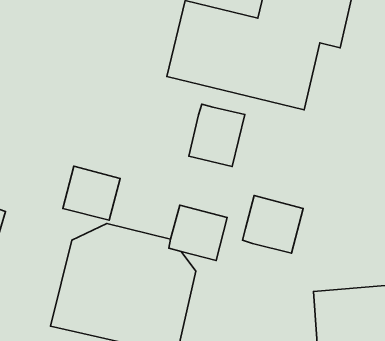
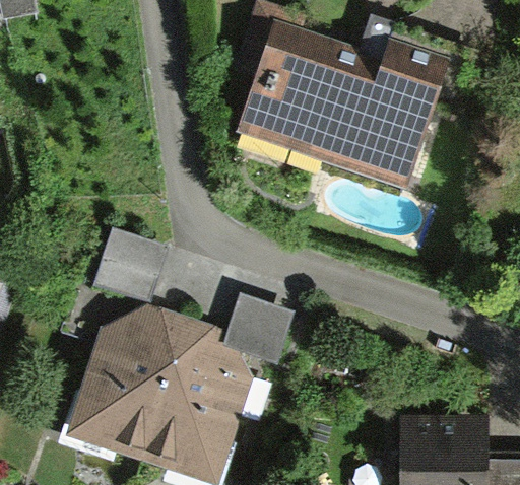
building: [189,104,245,167] -> none
building: [242,196,303,253] -> none

